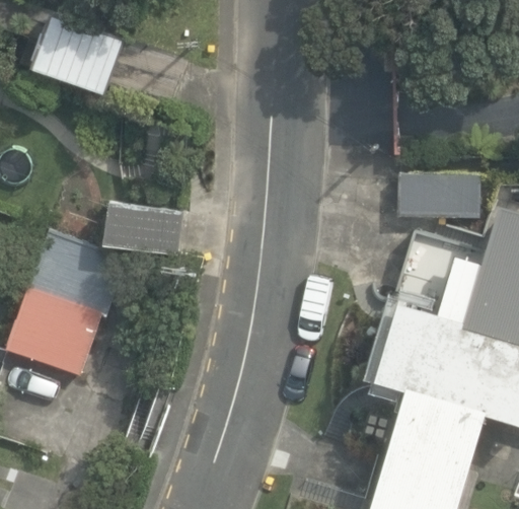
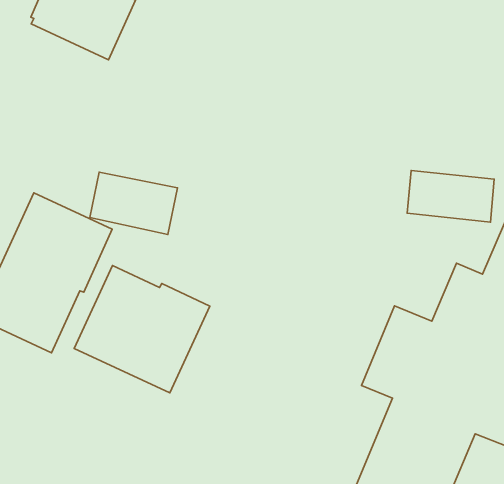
building: none -> [74,265,210,393]

